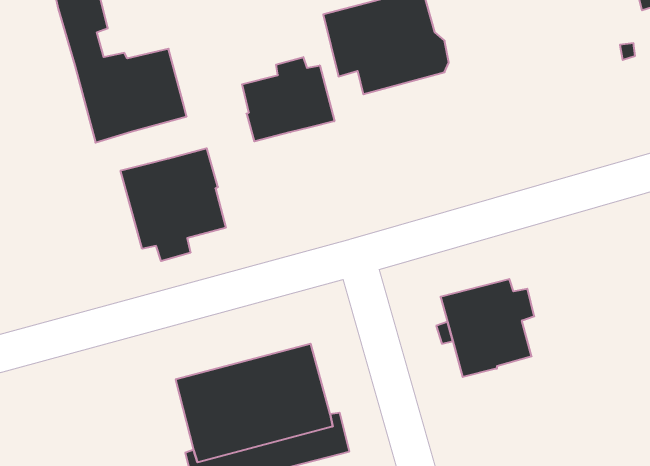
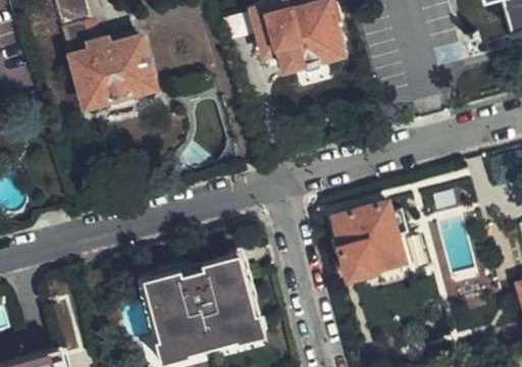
building: [242,57,334,141] -> none
building: [121,148,226,261] -> none

